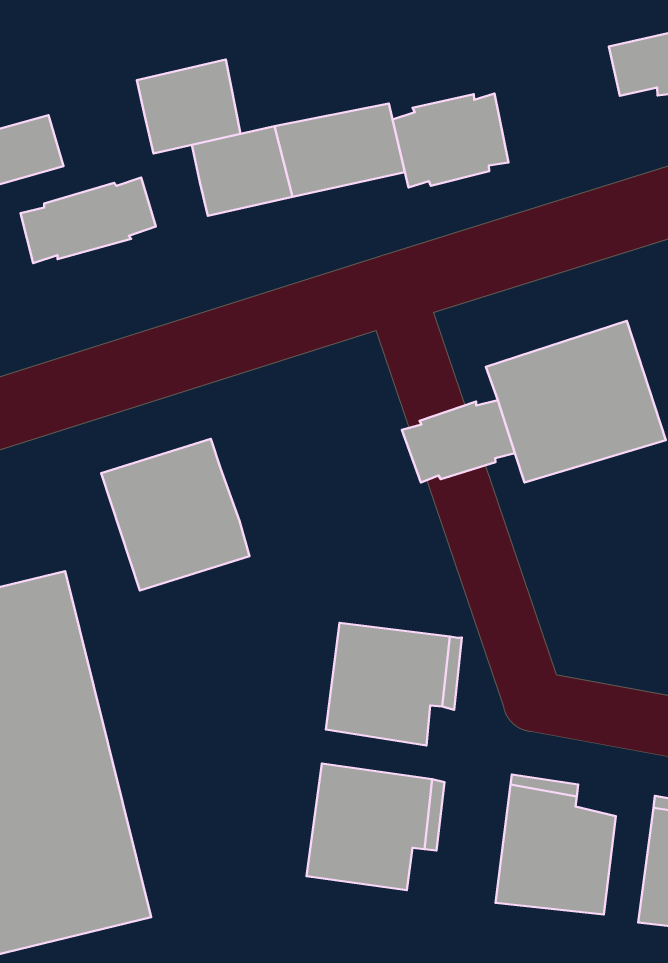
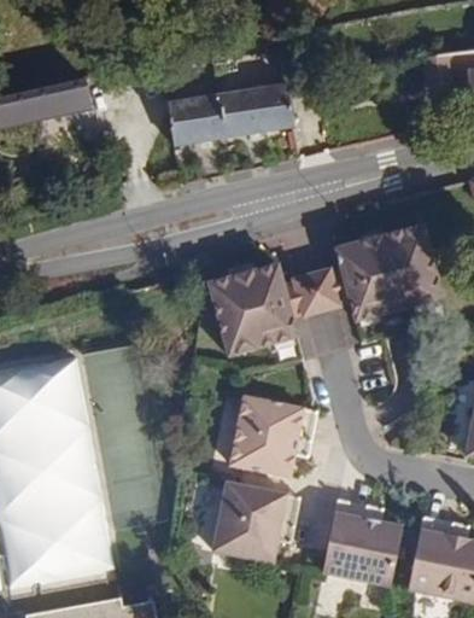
building: [137,59,240,154] -> none
building: [393,94,509,188] -> none
building: [21,178,156,263] -> none
building: [101,439,250,591] -> [211,264,298,354]

